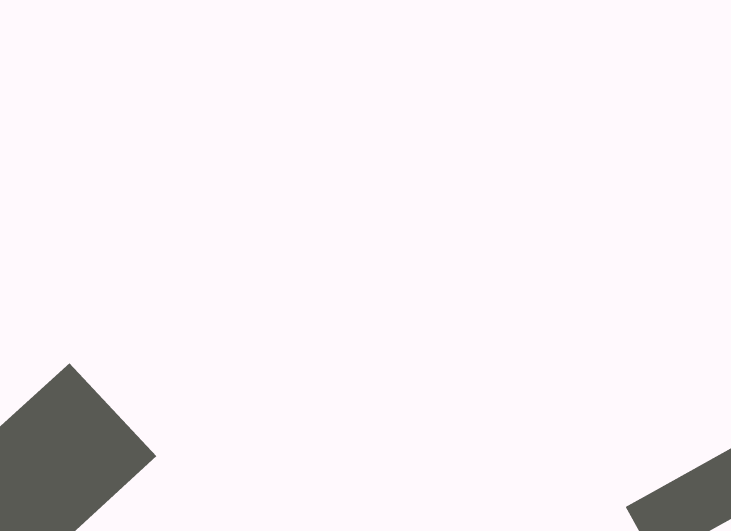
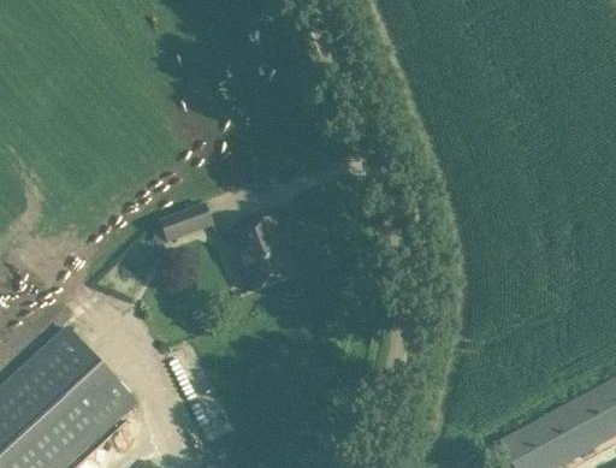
building: none -> [160,205,213,242]
building: none -> [231,219,295,292]

